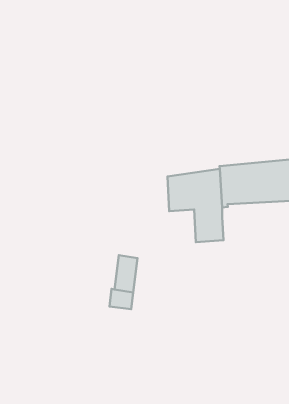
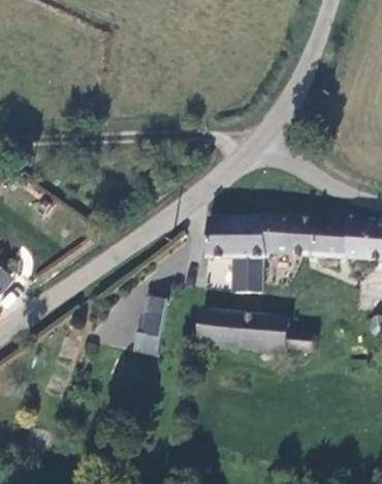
building: none -> [199,309,311,347]

